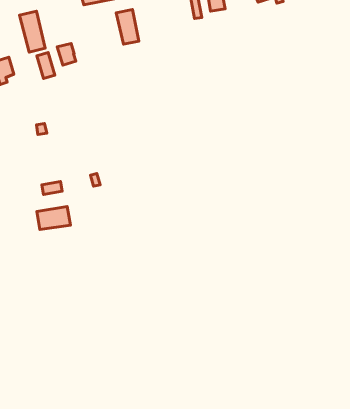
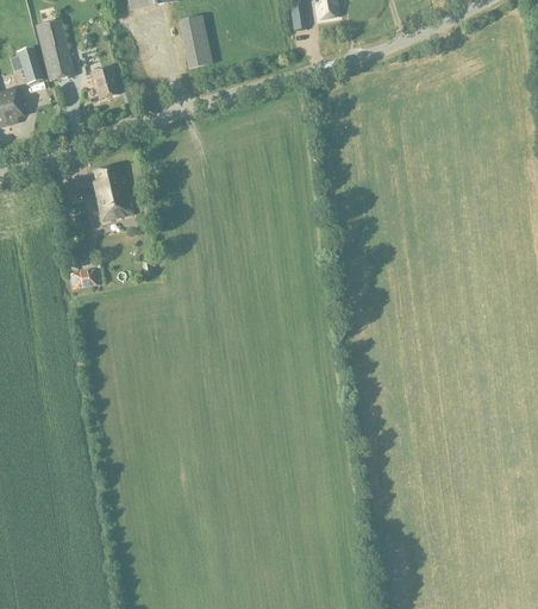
building: [37,53,55,78] -> [17,45,43,83]
building: none -> [94,164,132,219]
building: [37,206,70,229] -> none

